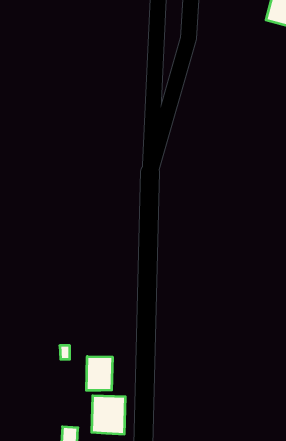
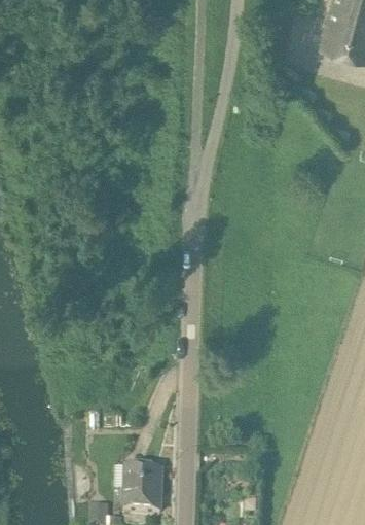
building: [86,356,112,390] -> none

